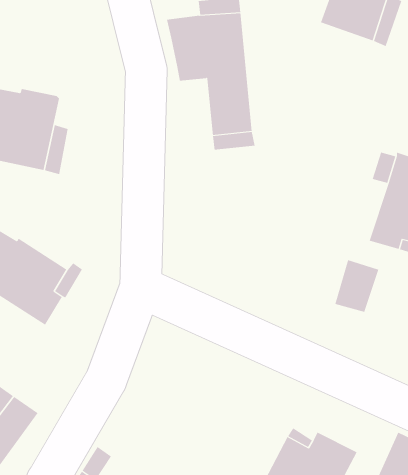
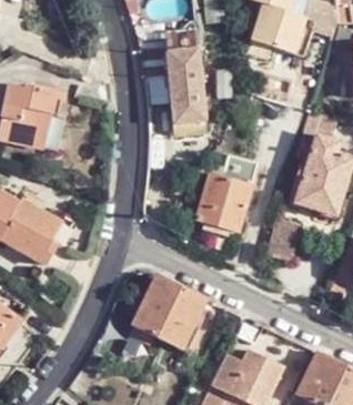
building: none -> [194,152,260,231]
building: none -> [131,274,205,350]

